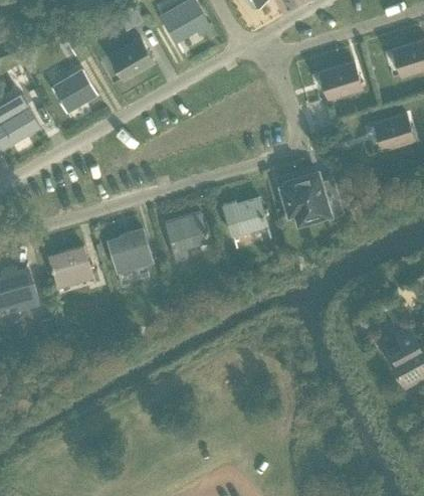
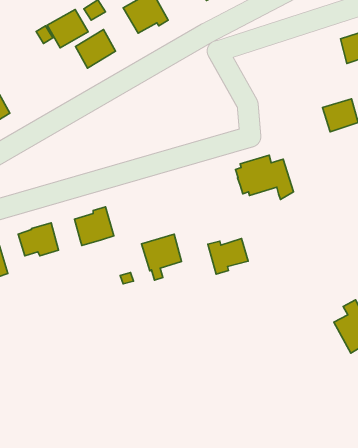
building: [321,63,362,99] -> none
building: [52,71,96,113] -> [47,9,88,48]
building: [222,200,265,238] -> [208,239,248,274]
building: [164,213,207,263] -> [141,234,182,280]

